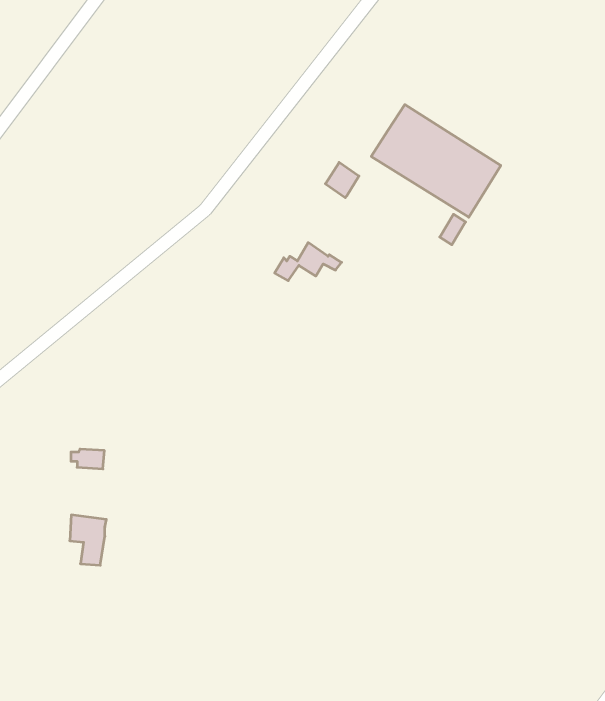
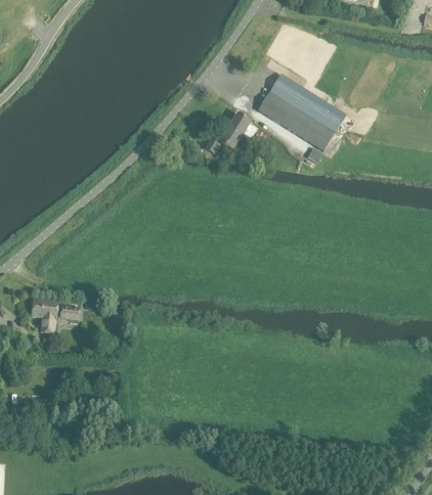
building: [275,243,342,281] -> [204,127,249,152]
building: [70,515,106,565] -> [32,299,56,332]

